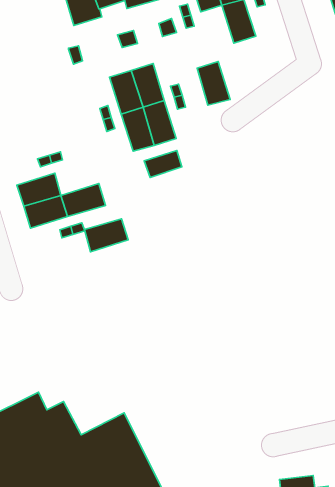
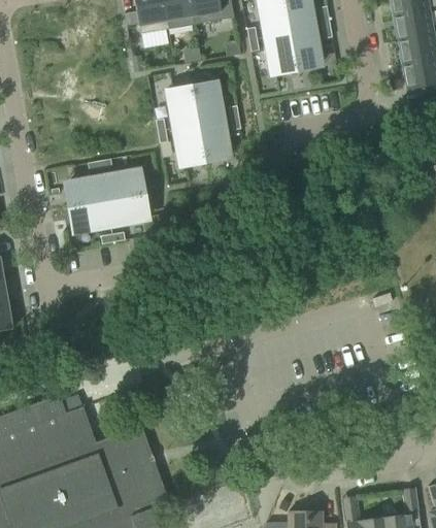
building: [197,61,230,105] -> [268,34,297,76]
building: [144,150,182,177] -> none
building: [85,219,128,252] -> [103,174,145,203]

